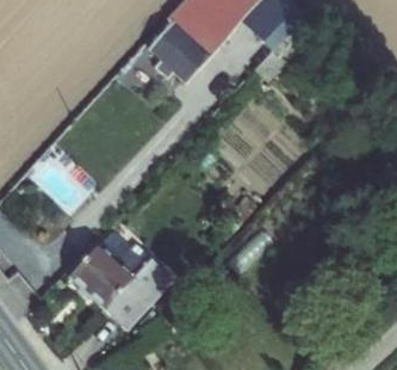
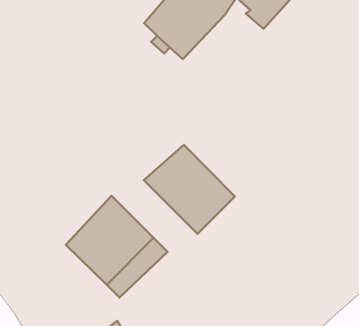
building: none -> [144,145,235,234]

